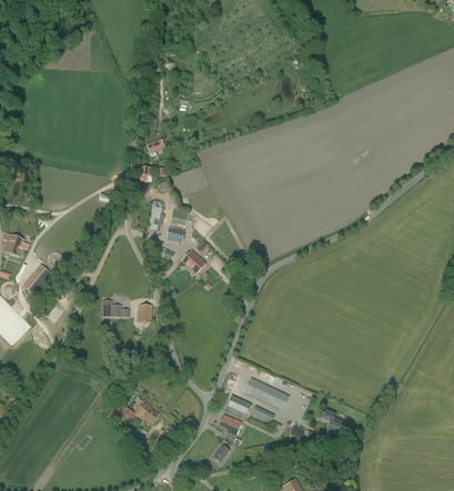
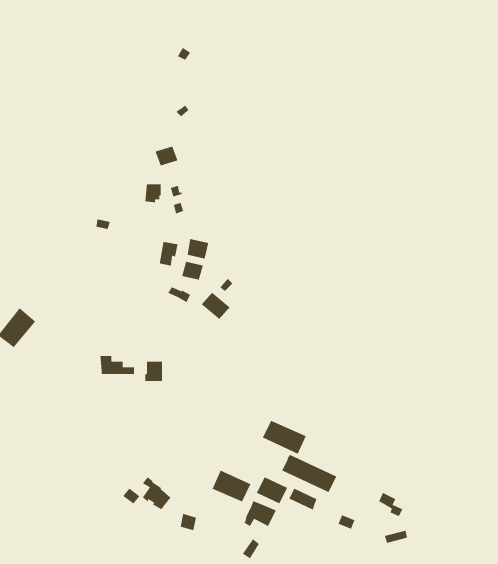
building: none -> [262,420,307,455]
building: none -> [212,469,252,502]

